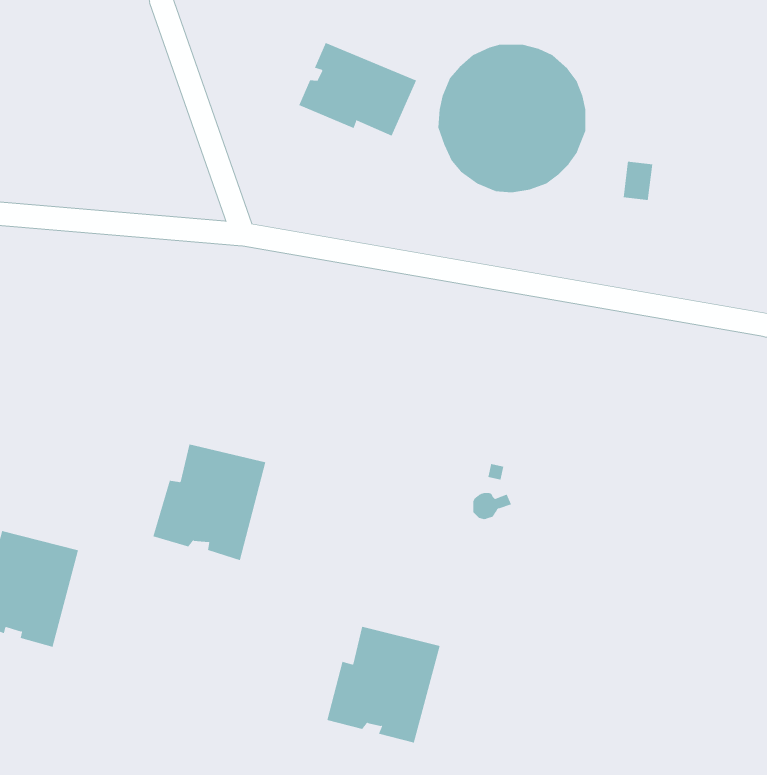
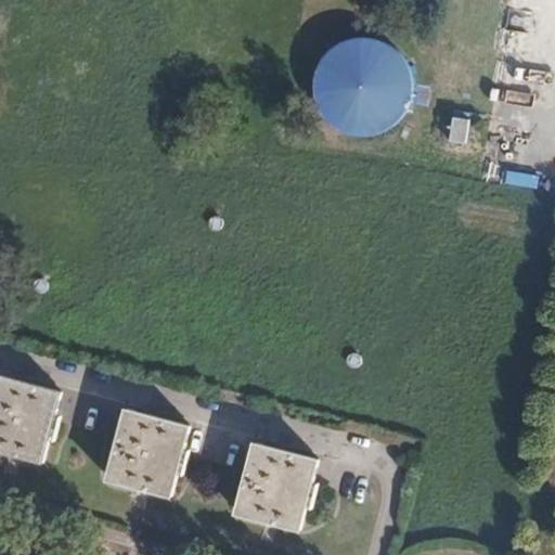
building: [298,42,417,137] -> none
building: [152,444,266,561] -> [105,413,186,496]

